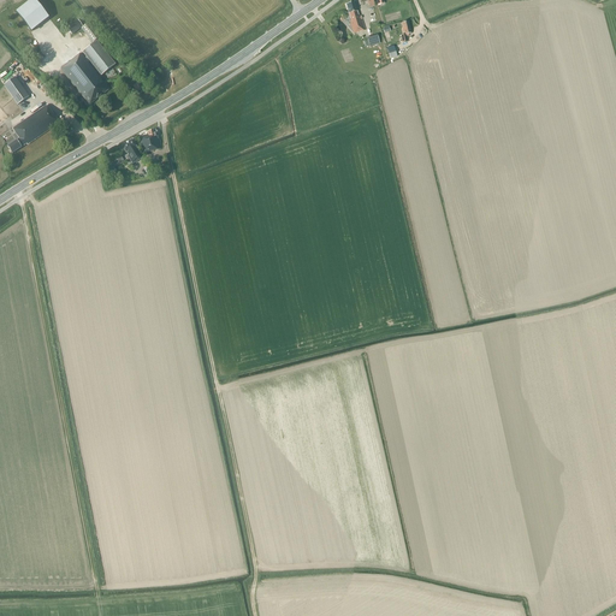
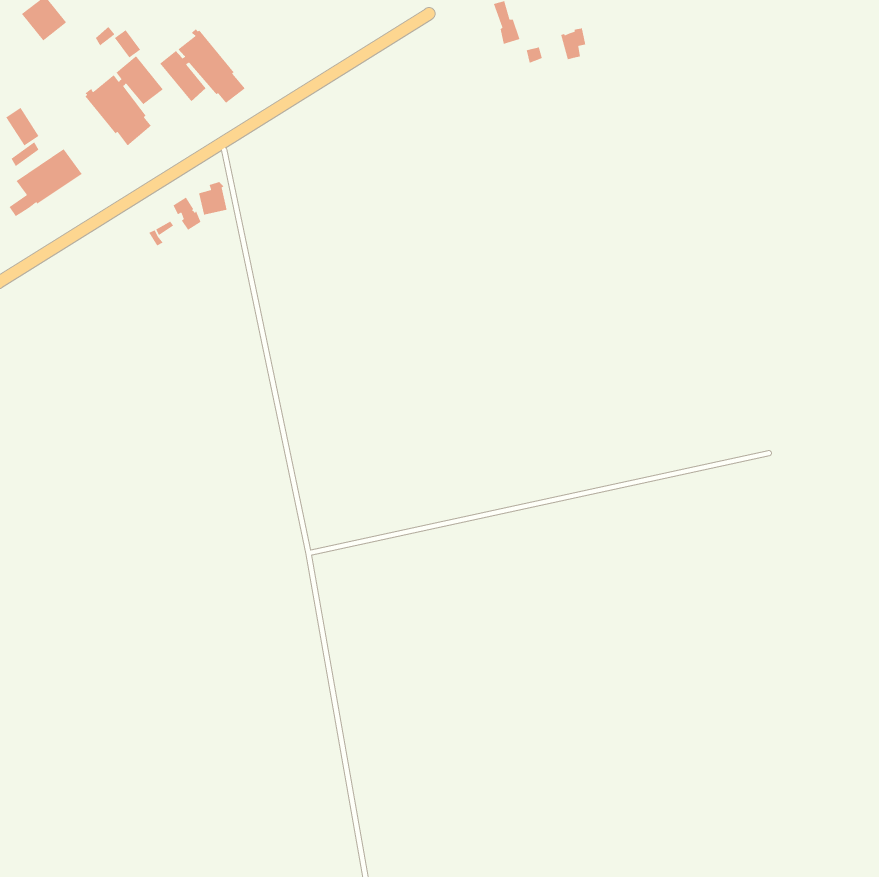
building: none -> [159,28,246,104]

